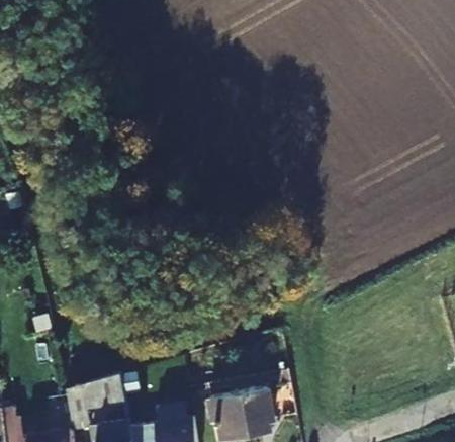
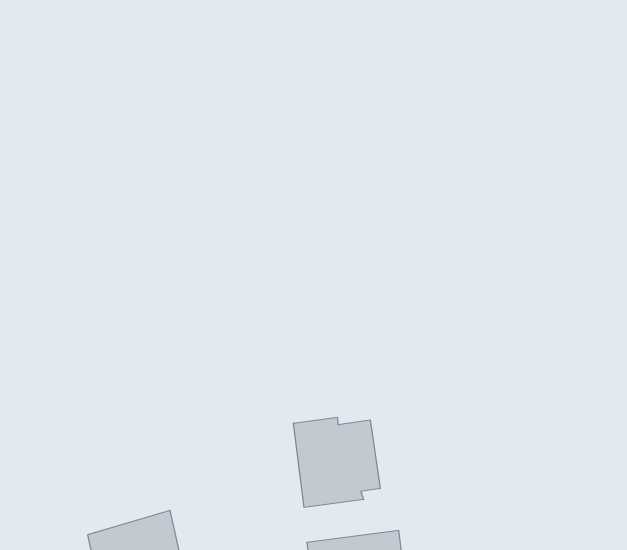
building: none -> [293,417,380,507]

